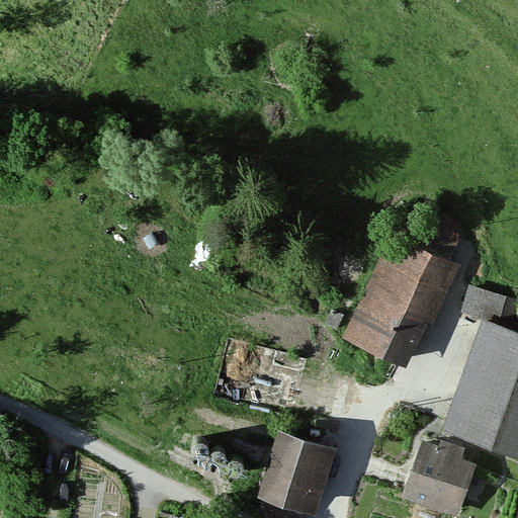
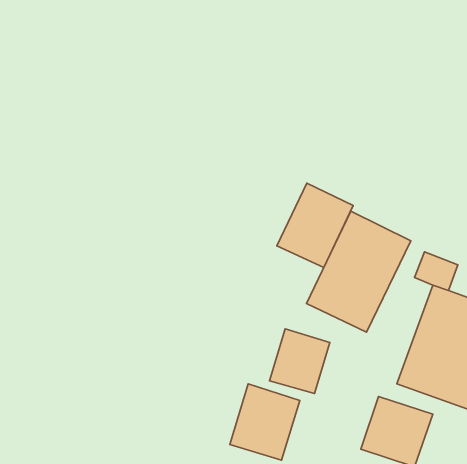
building: none -> [277,183,353,267]
building: none -> [269,329,330,394]

